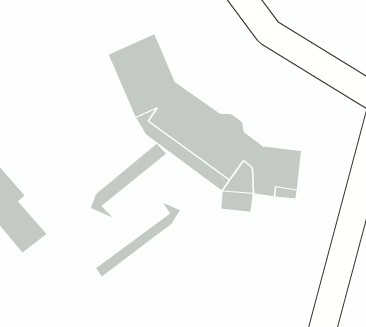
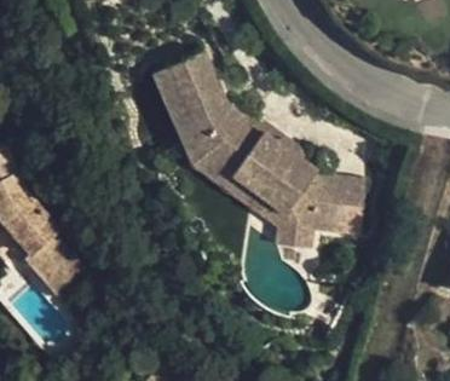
building: [90,143,167,219] -> none
building: [95,202,181,277] -> none

